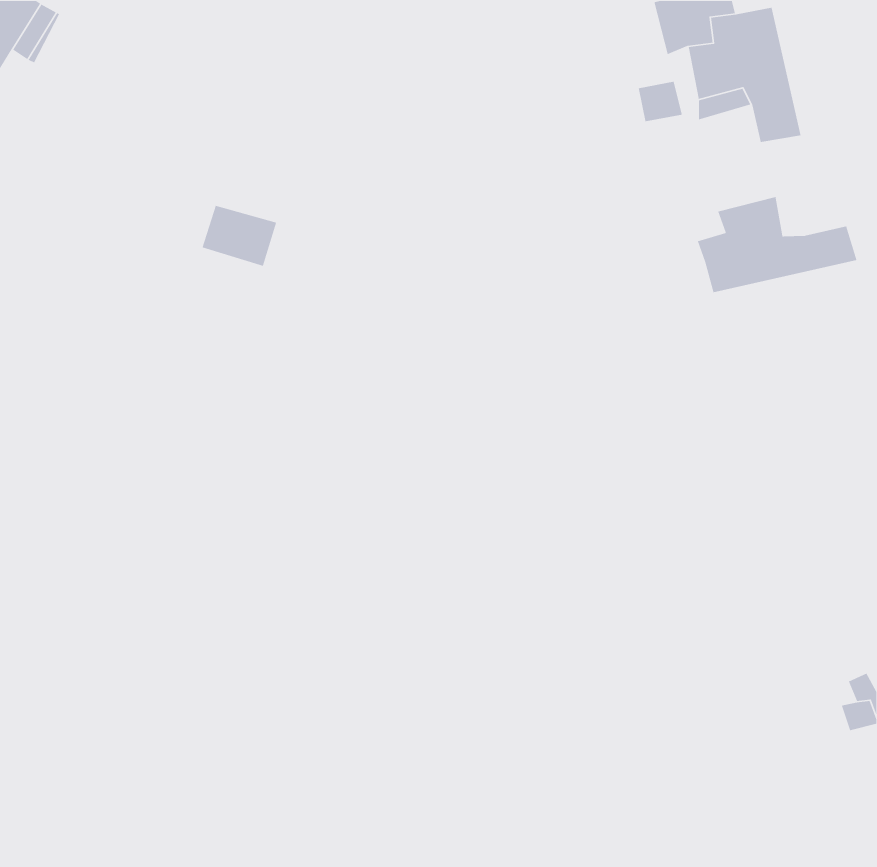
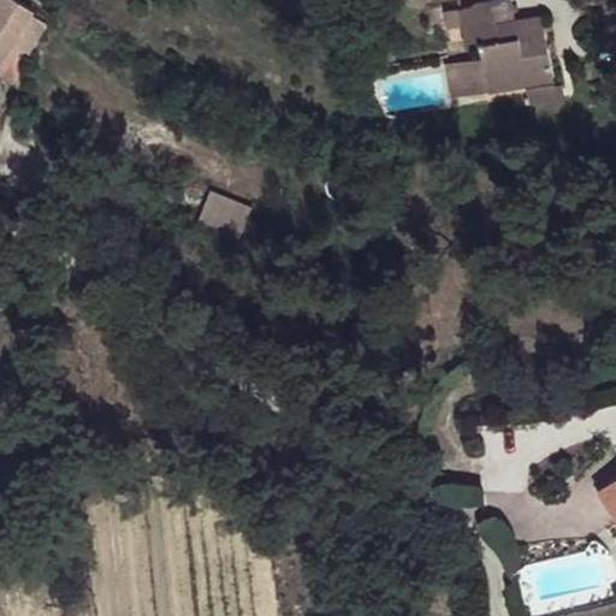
building: [697,196,857,293] -> none
building: [202,205,277,267] -> [197,199,250,242]

